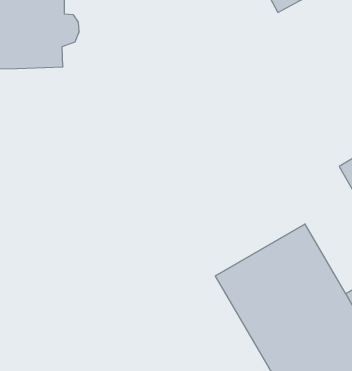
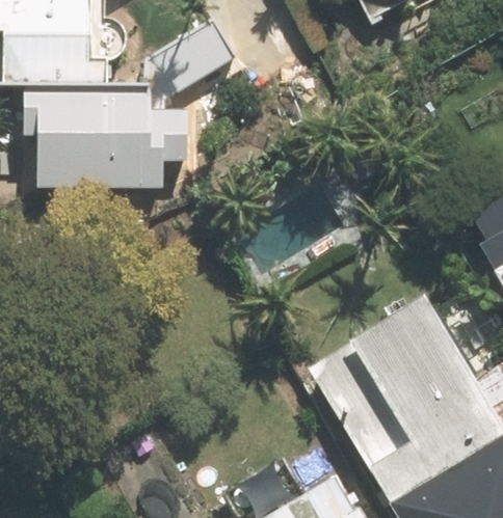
building: none -> [42,21,240,191]

